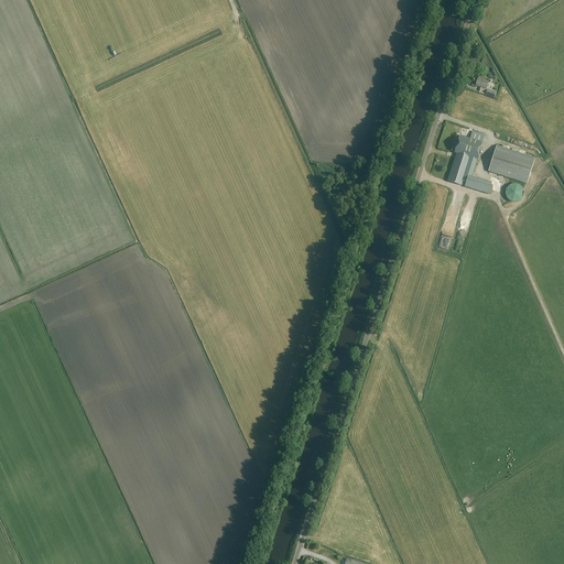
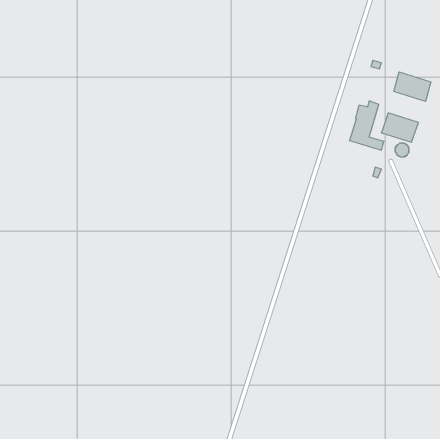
building: none -> [394,72,431,101]

